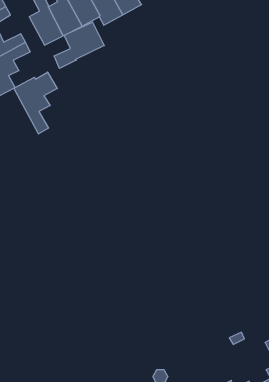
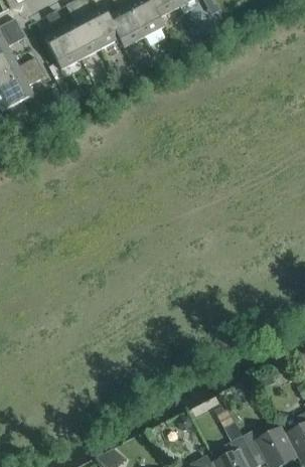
building: [54,22,104,68] -> none
building: [14,72,57,134] -> none

